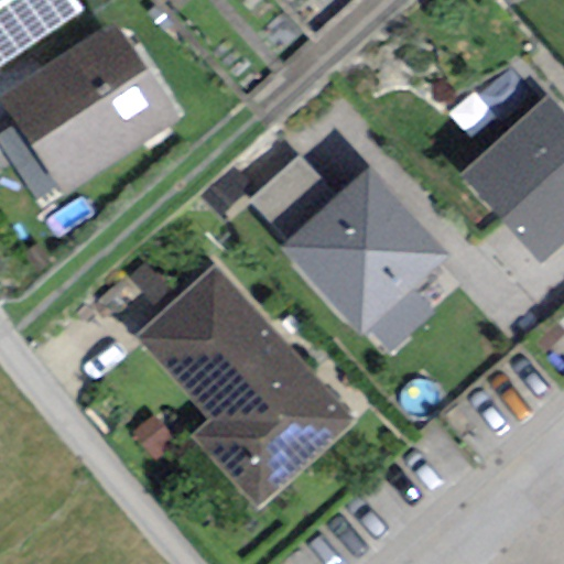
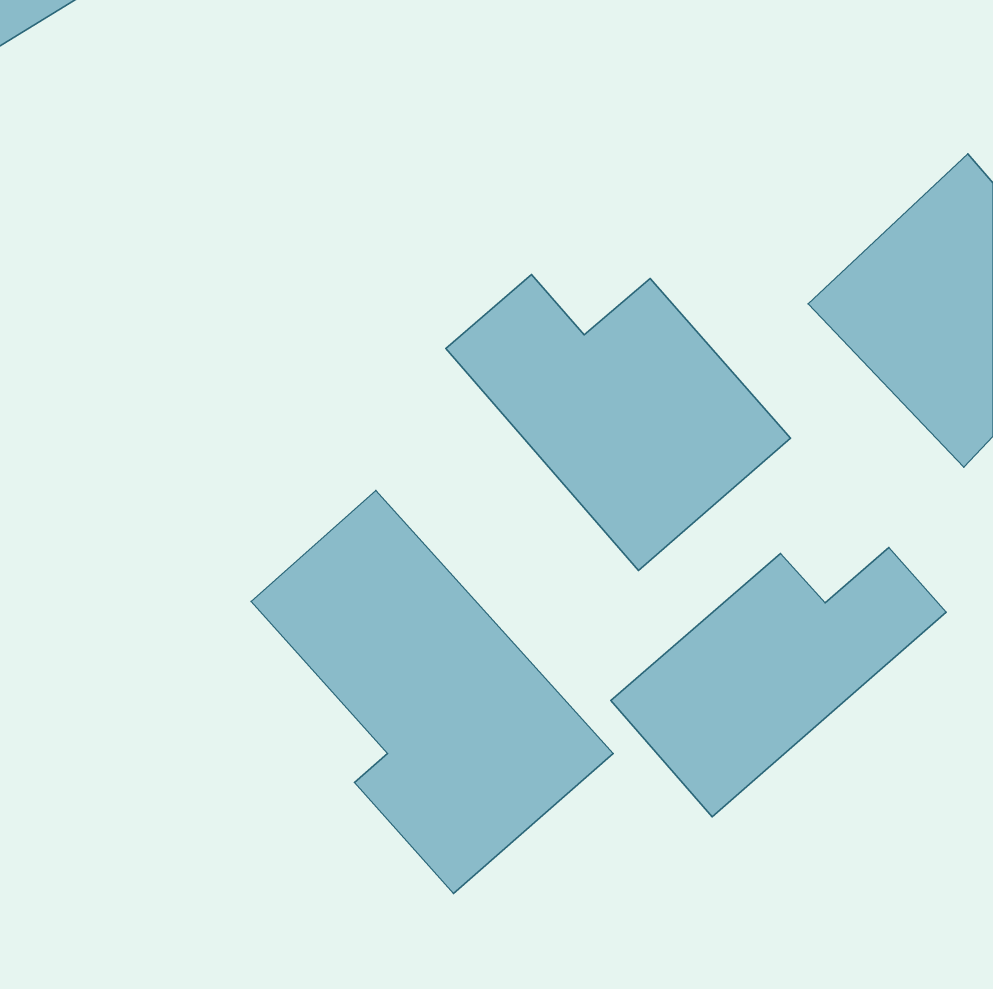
building: [4,33,169,185] -> none
building: none -> [611,547,946,817]

